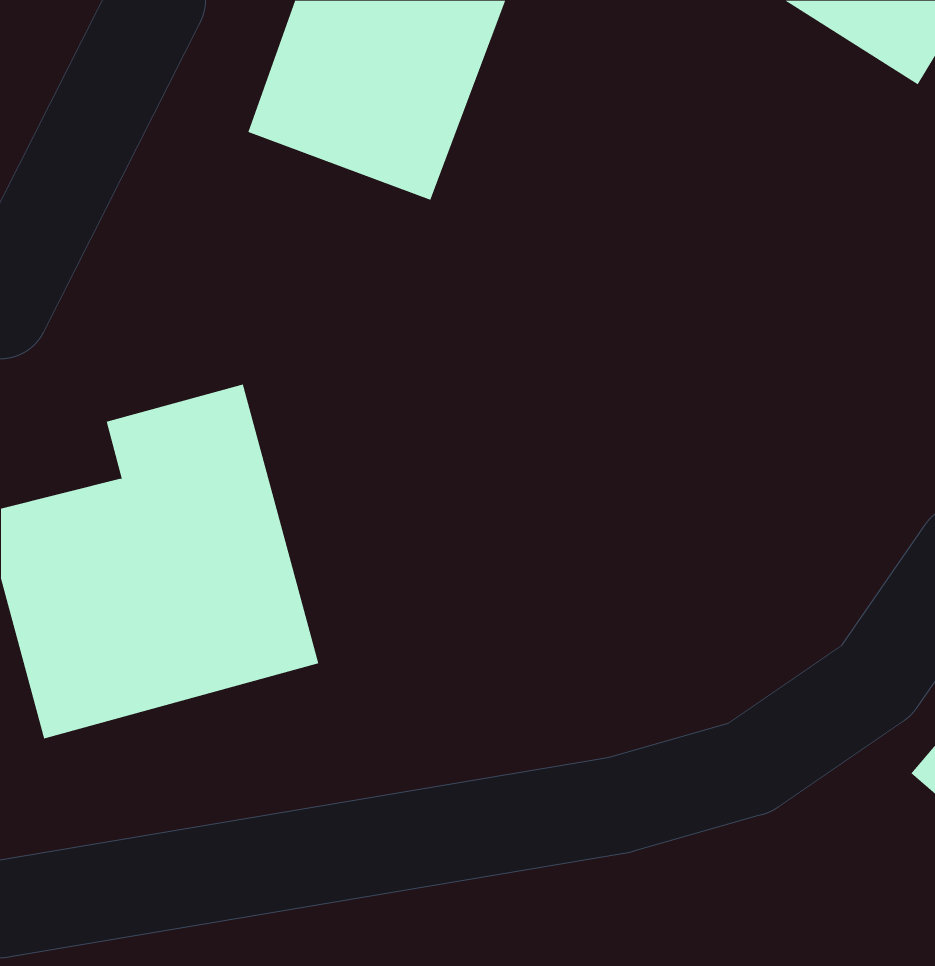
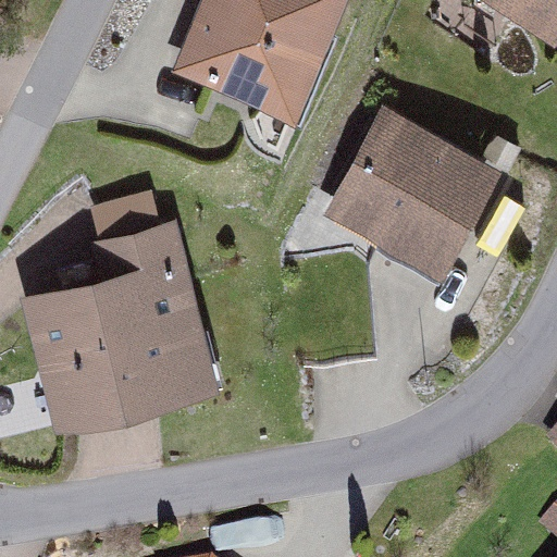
building: none -> [322,112,485,272]

